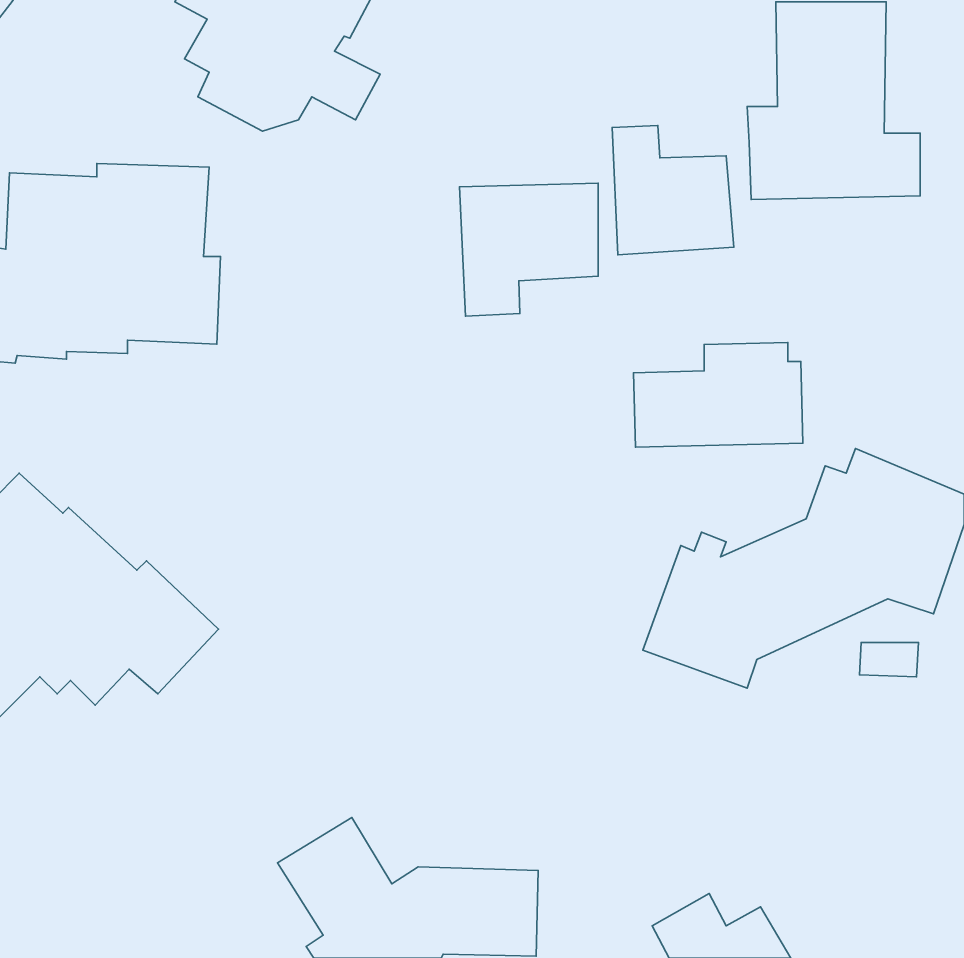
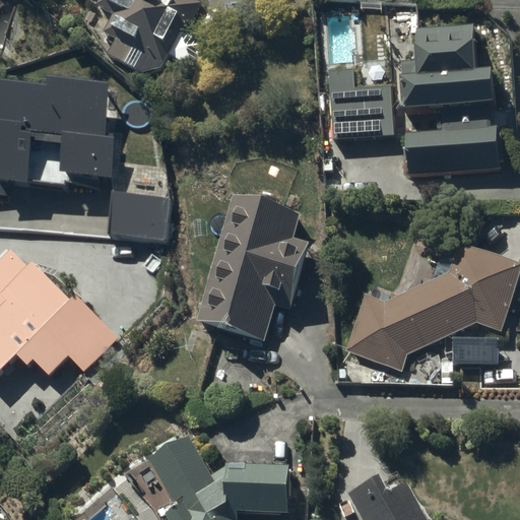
building: [460,183,598,316] -> none
building: [634,342,803,447] -> [405,115,496,171]
building: none -> [197,195,306,338]
building: none -> [113,197,171,244]

